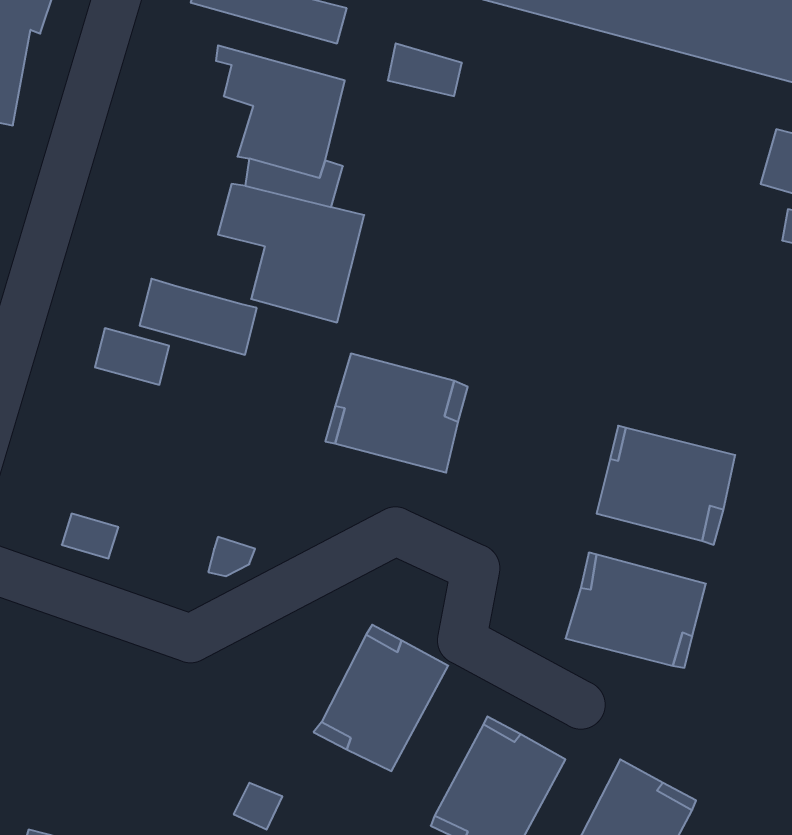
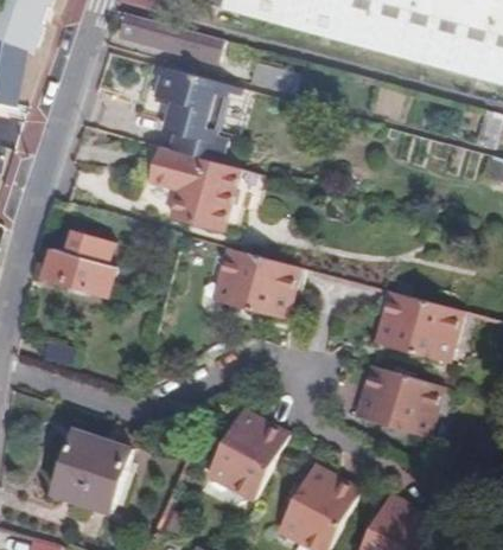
building: [140,279,257,355] -> [49,250,120,296]
building: none -> [51,430,129,513]

